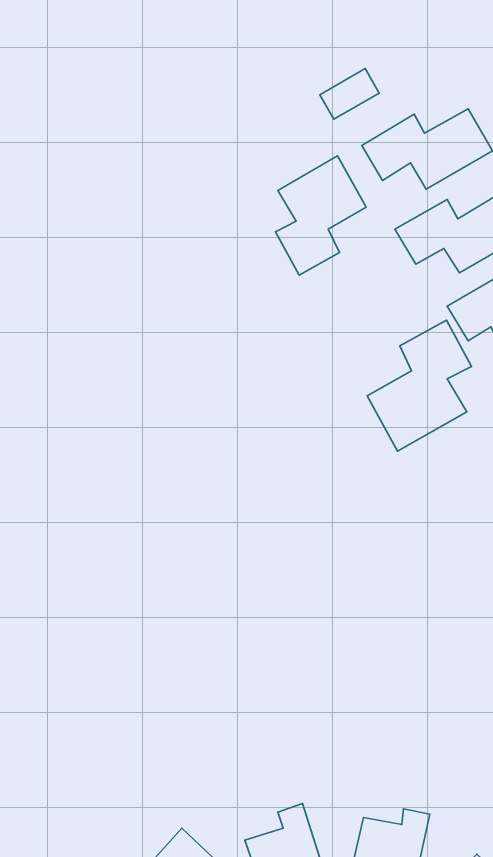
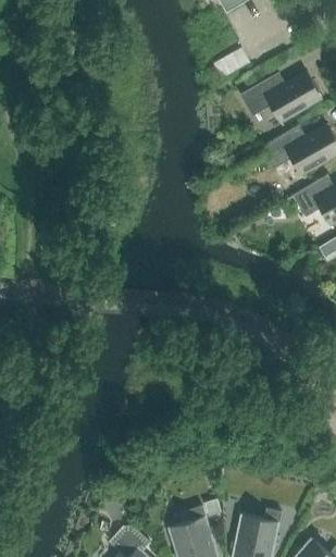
building: [275,156,366,275] -> none
building: [367,320,471,451] -> none

